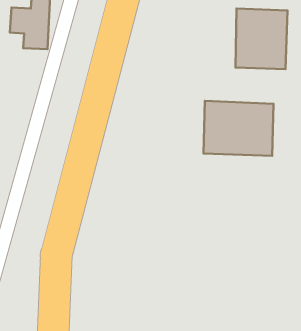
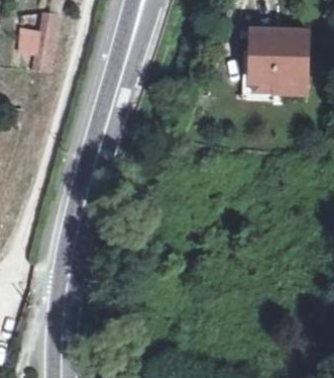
building: [204,101,274,156] -> none

